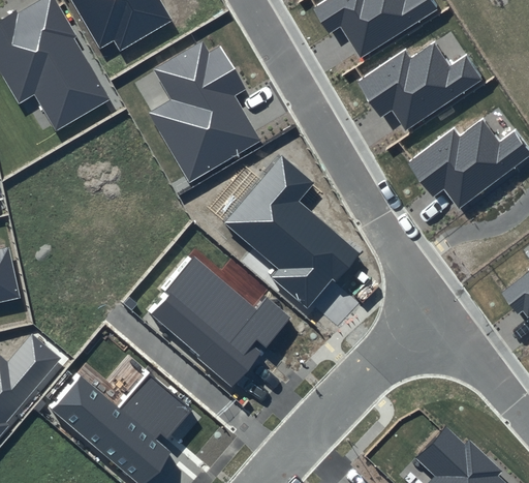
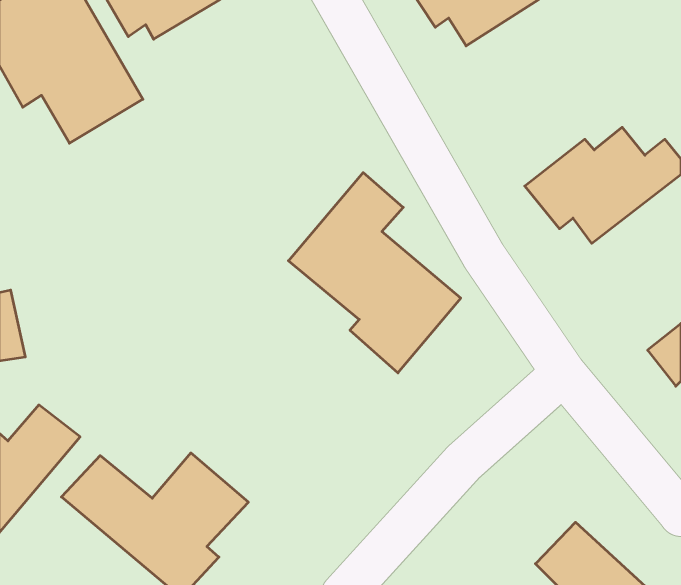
building: [147,40,260,183] -> none
building: [355,43,484,131] -> none
building: [146,258,289,386] -> none

